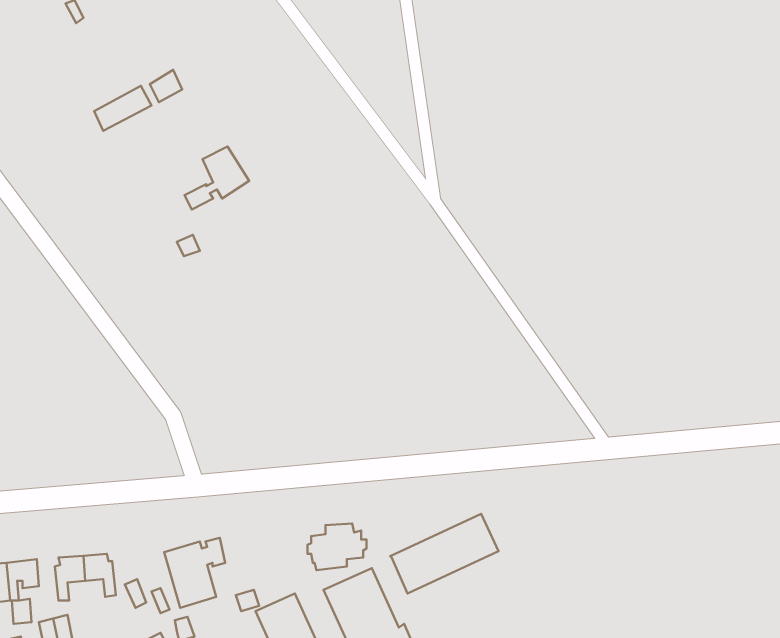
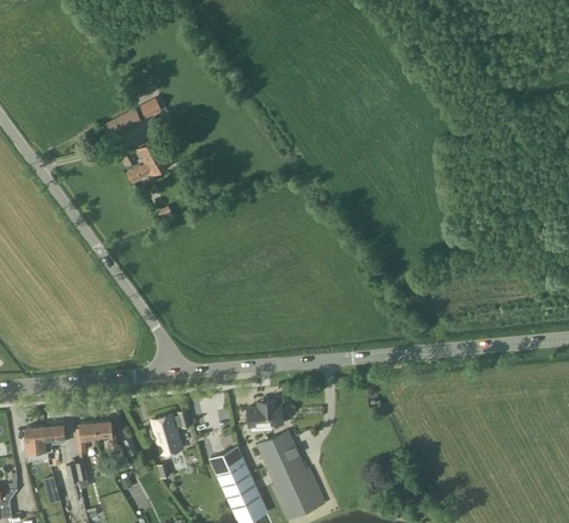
building: [185,147,249,209] -> [127,141,170,183]
building: [390,514,498,593] -> none

